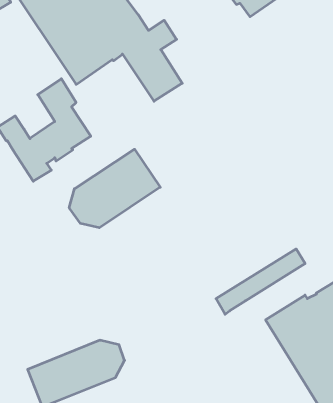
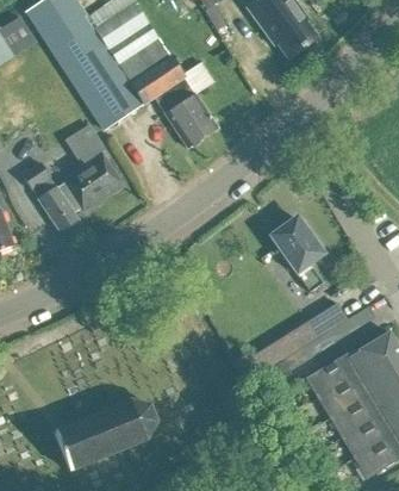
building: [69,149,160,228] -> none
building: none -> [272,216,322,288]

